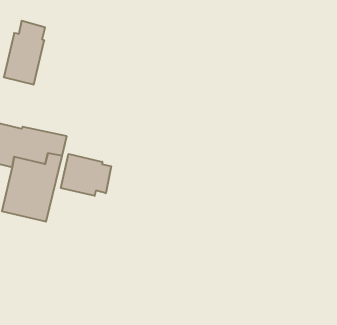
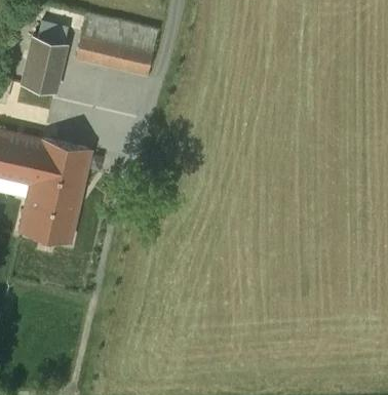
building: none -> [76,17,158,77]
building: [61,154,111,196] -> none

